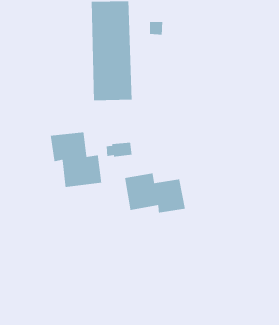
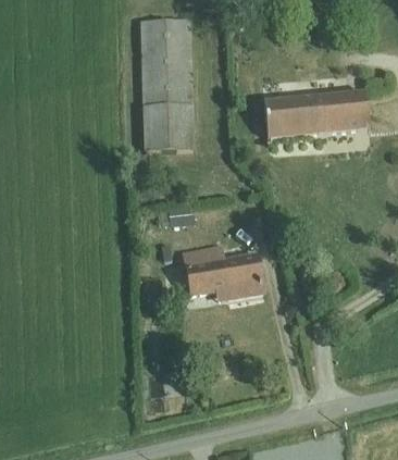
building: none -> [264,88,370,137]
building: [50,131,102,188] -> none

